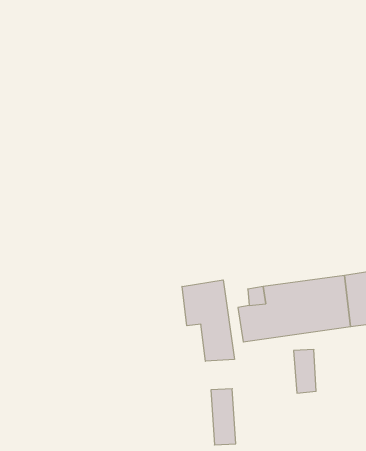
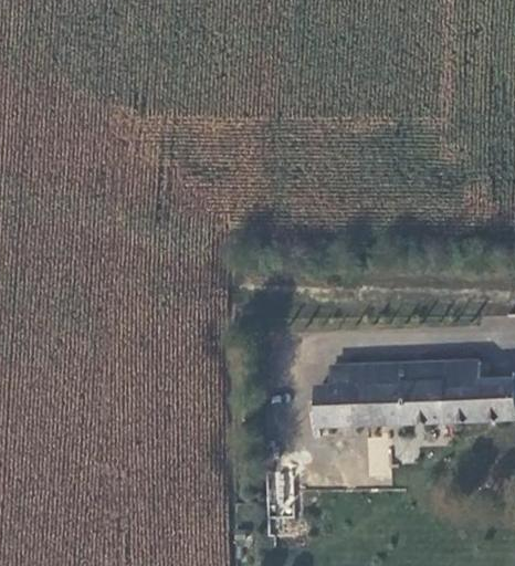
building: [182,280,234,361] -> none

